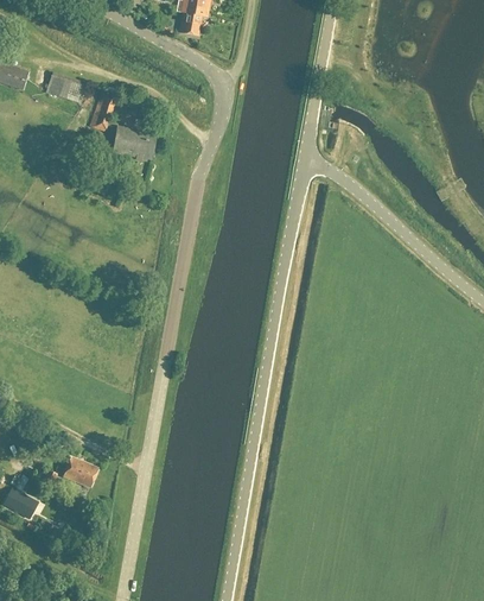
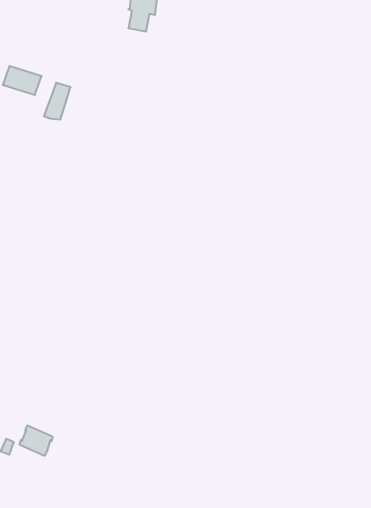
building: [112,125,155,159] -> none

